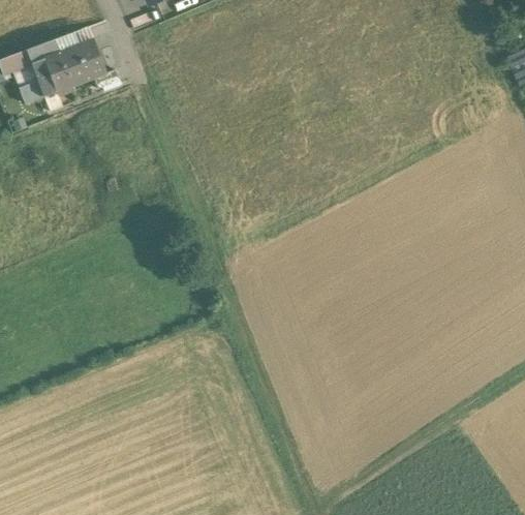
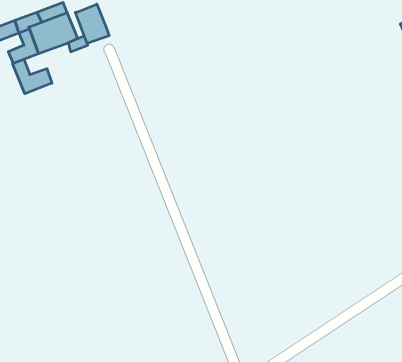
building: none -> [75,4,109,44]
building: none -> [13,59,52,94]

